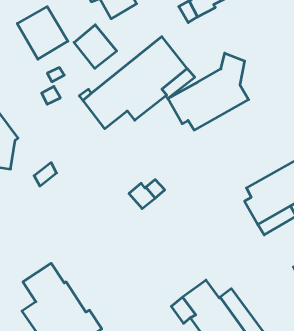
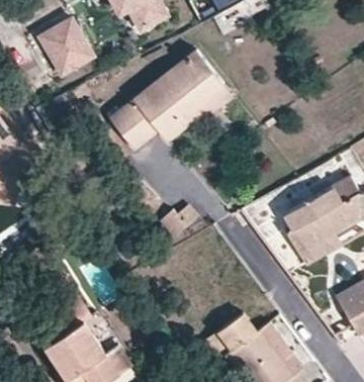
building: [74,25,117,68] -> none
building: [168,53,249,130] -> none

